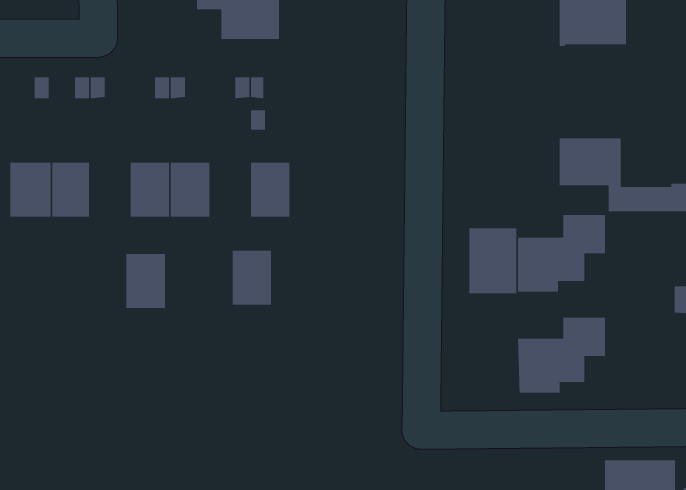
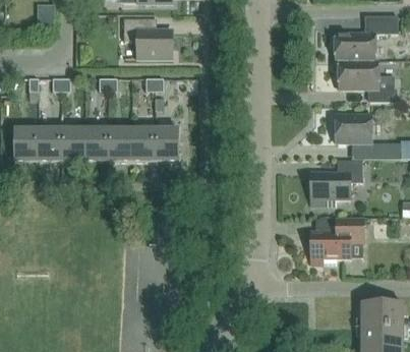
building: none -> [339,60,396,101]
building: [468,228,517,294] -> none
building: [232,250,272,305] -> [131,128,155,161]
building: [126,253,166,309] -> [61,128,84,161]

